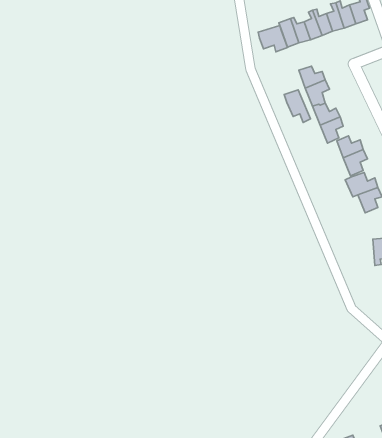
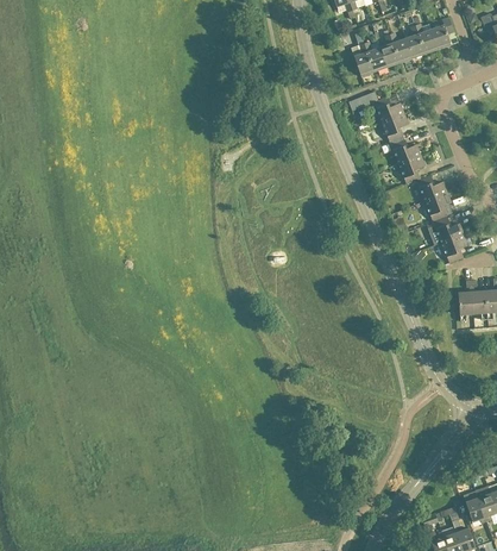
building: [258,26,287,52] -> none
building: [284,90,310,123] -> none

